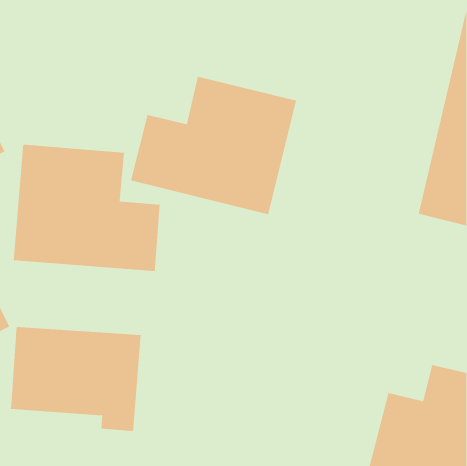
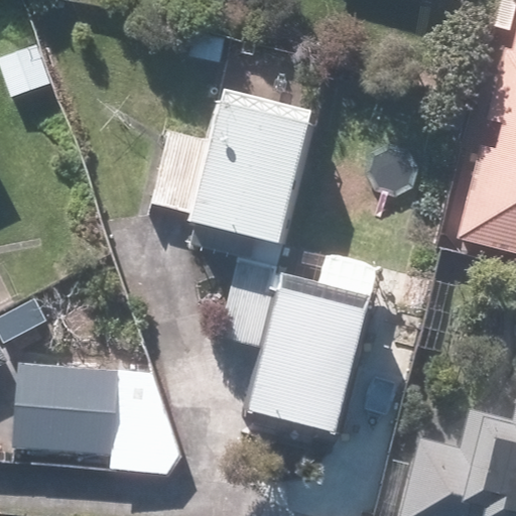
building: [13,144,160,272] -> none
building: none -> [255,261,380,430]

